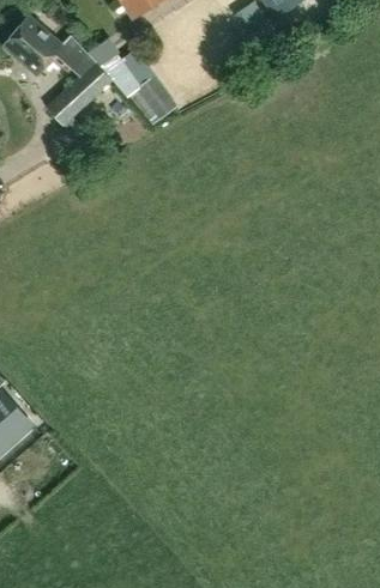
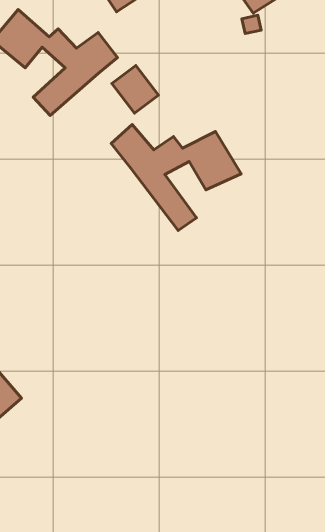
building: none -> [111,125,241,230]

